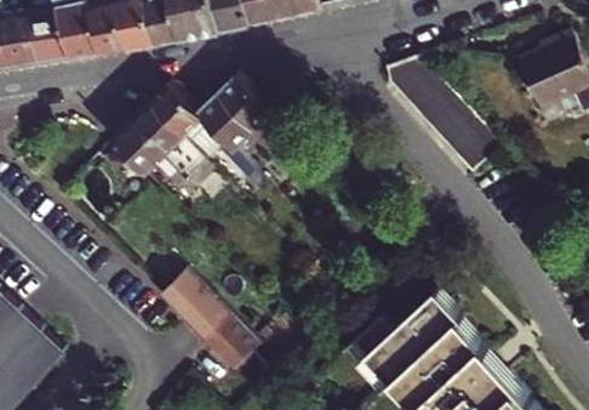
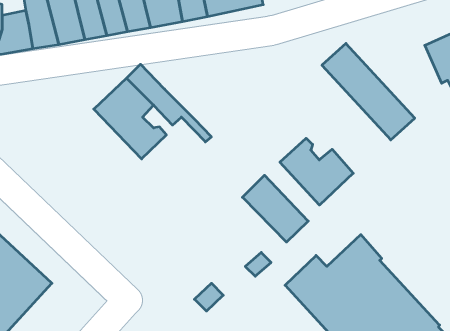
building: [201,75,302,161] -> none
building: none -> [280,138,353,205]
building: [164,268,244,349] -> [242,175,308,242]

